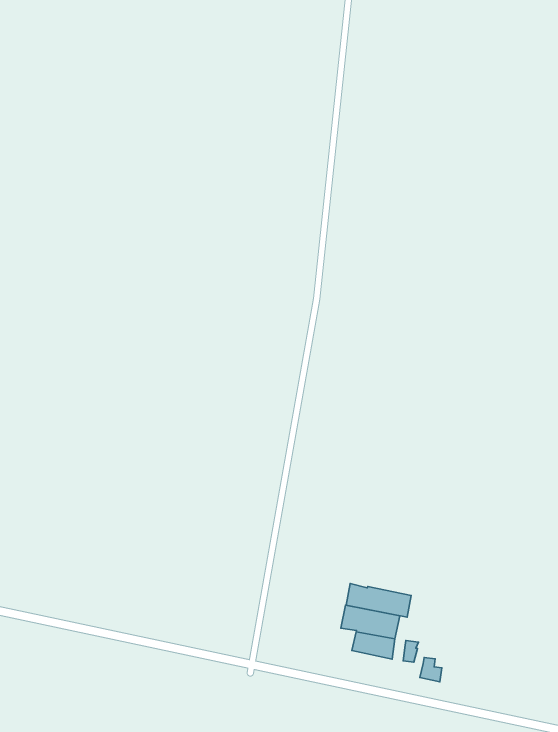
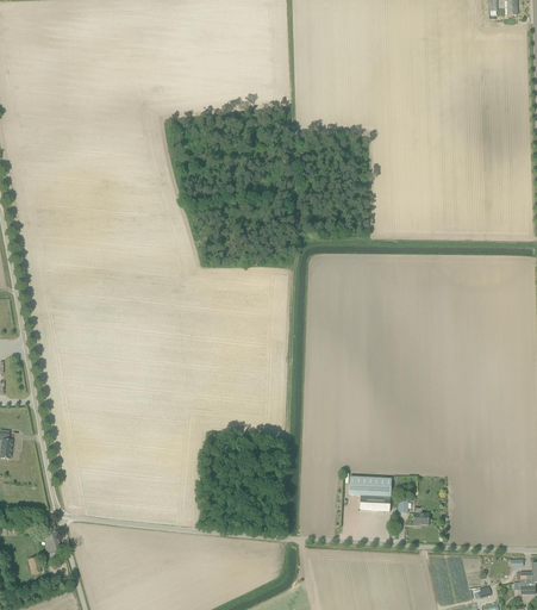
building: [346,583,411,617] -> none

